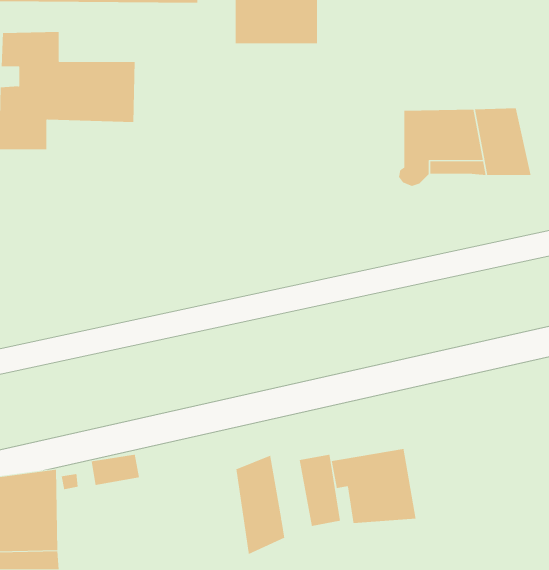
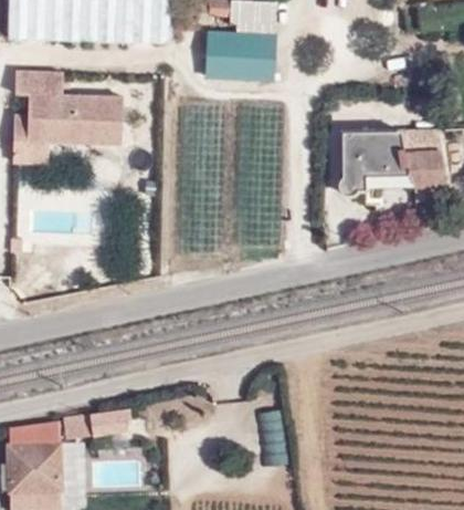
building: [331,448,416,524] -> none
building: [236,455,285,555] -> none

